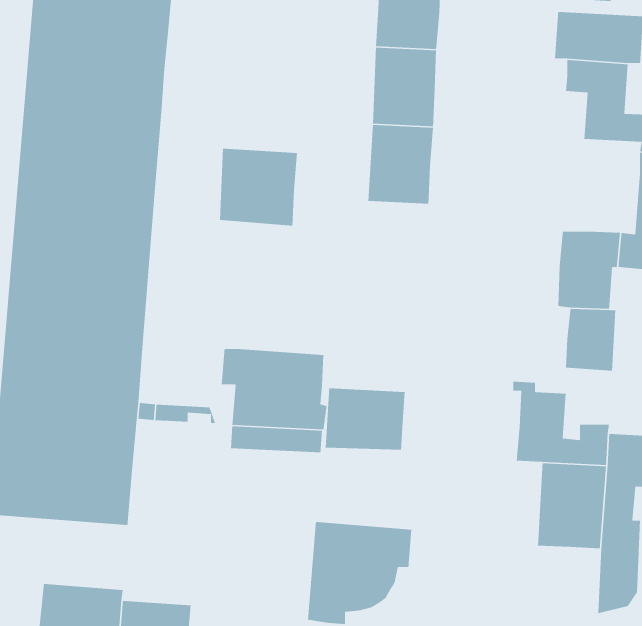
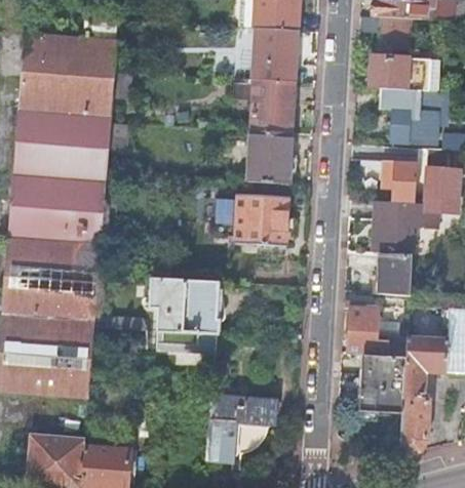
building: [219,148,298,227] -> [236,193,288,245]
building: none -> [383,159,418,201]
building: [325,388,405,451] -> none

